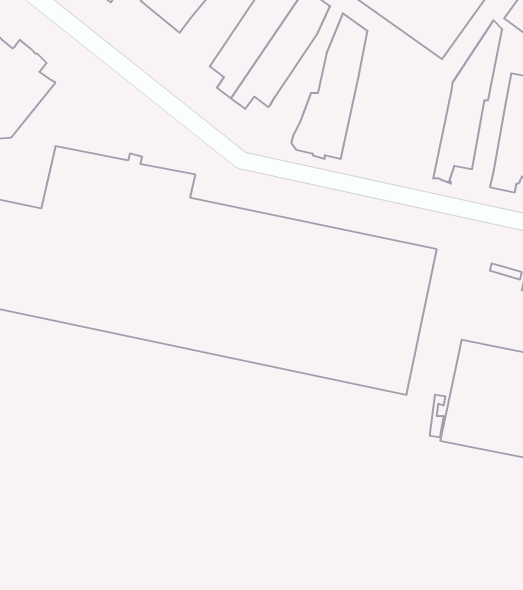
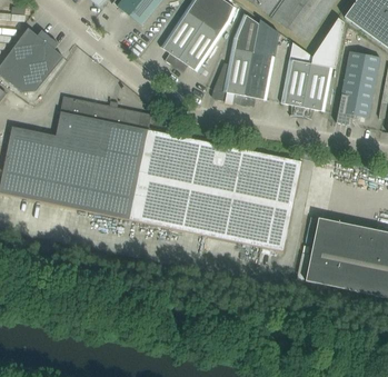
building: none -> [242,19,279,106]
building: none -> [280,58,311,116]

